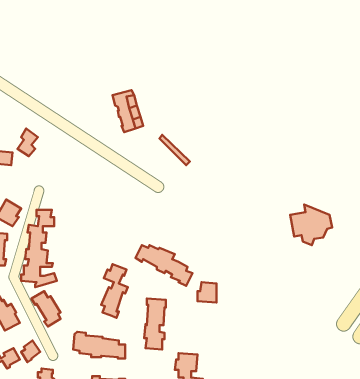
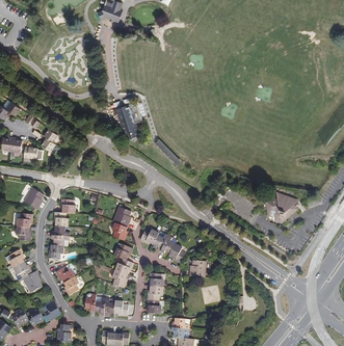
building: none -> [109,203,128,237]

